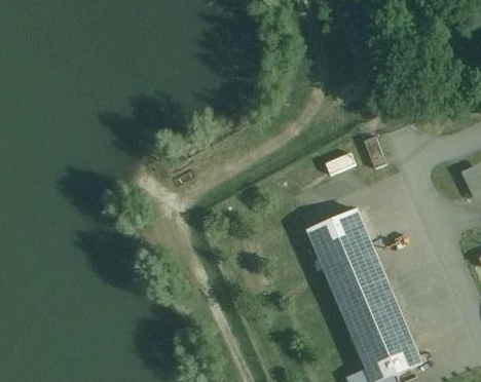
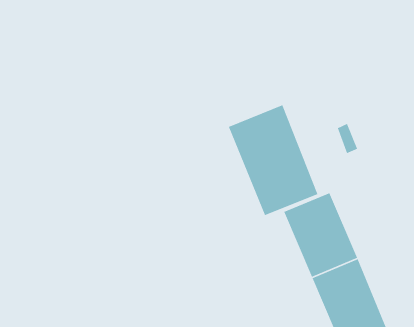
building: none -> [228,104,319,216]

